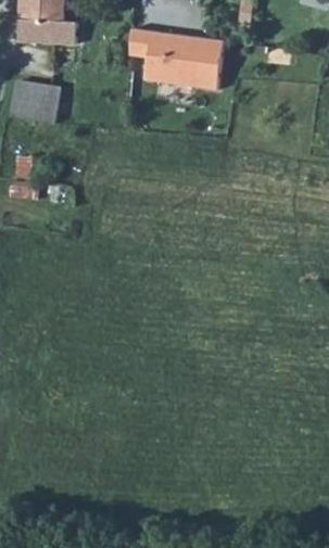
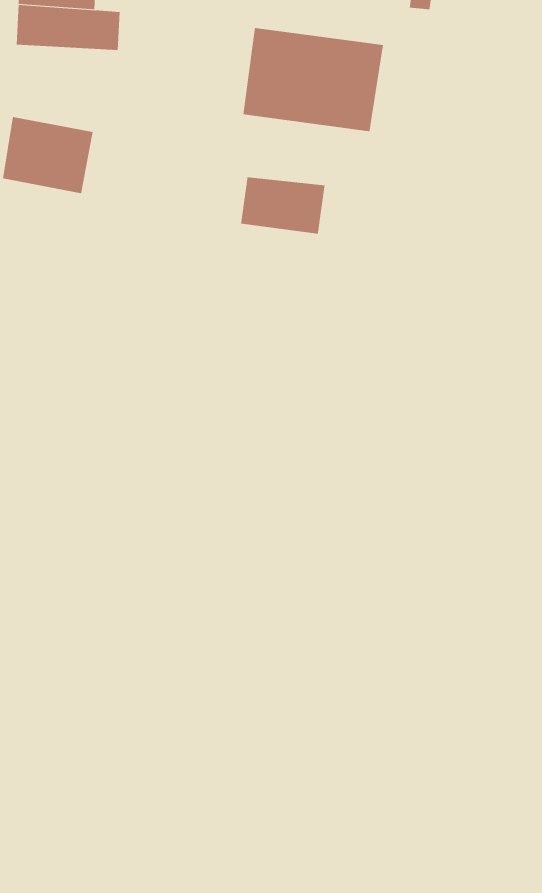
building: none -> [241,177,325,235]

